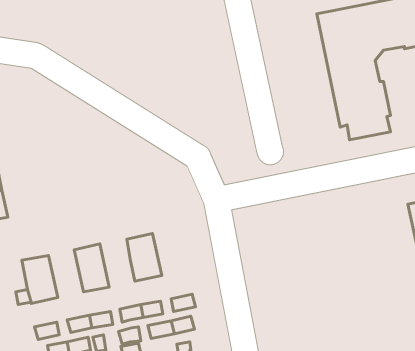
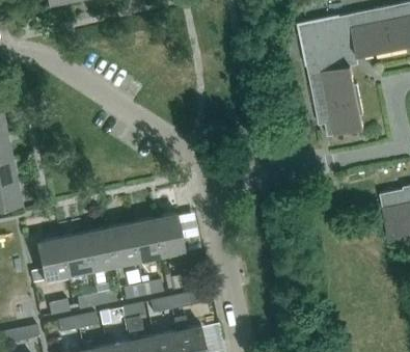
building: none -> [152,215,183,258]
building: none -> [105,225,136,268]
building: none -> [59,235,90,277]

